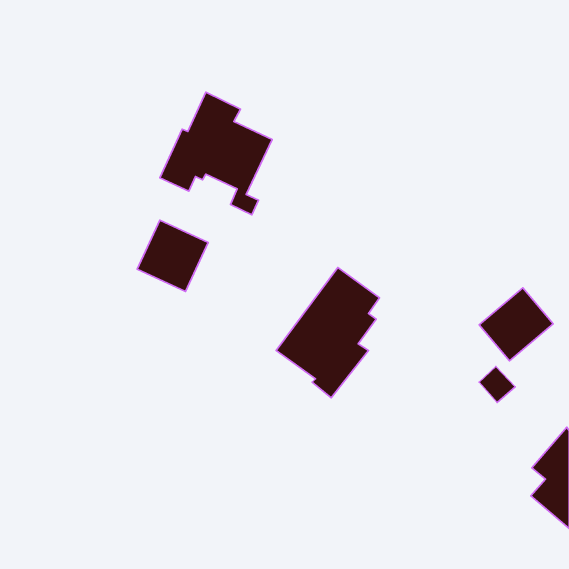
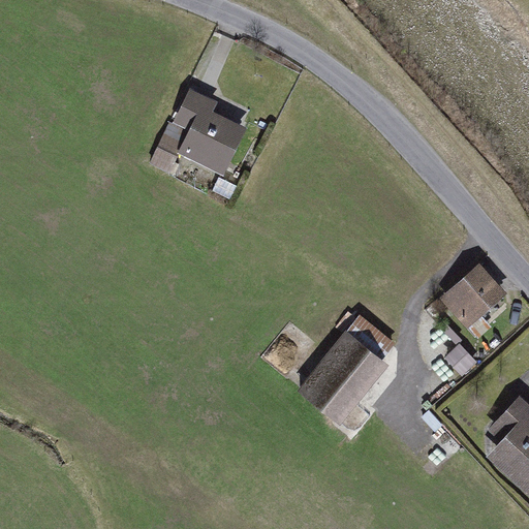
building: [137,220,208,291] -> none
building: [276,267,380,398] -> [298,313,393,433]

